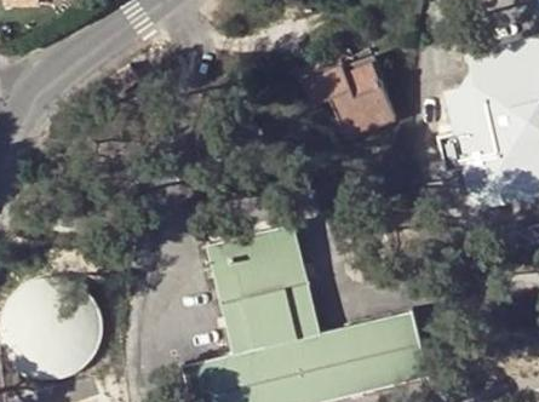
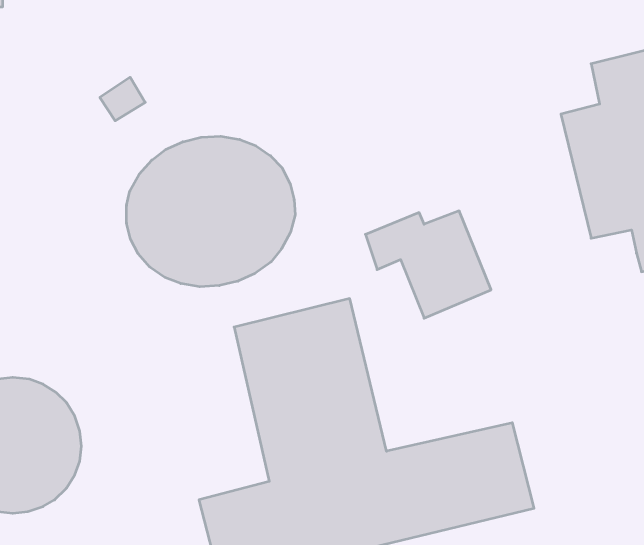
building: [303,58,394,136] -> [365,211,491,318]
building: none -> [127,136,295,287]

